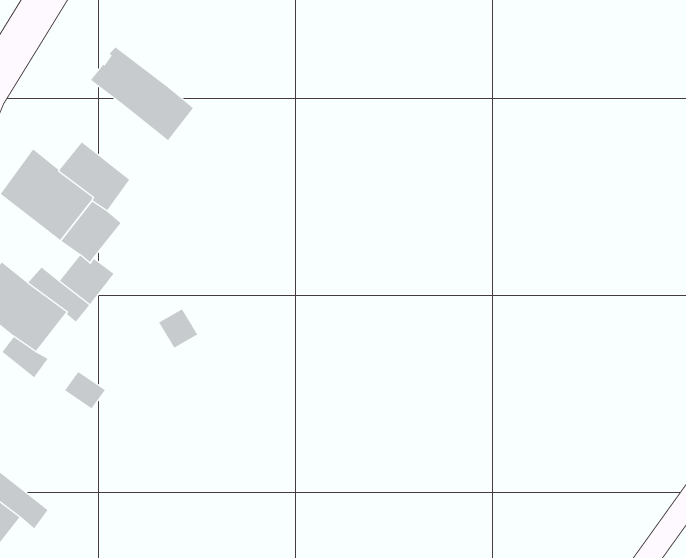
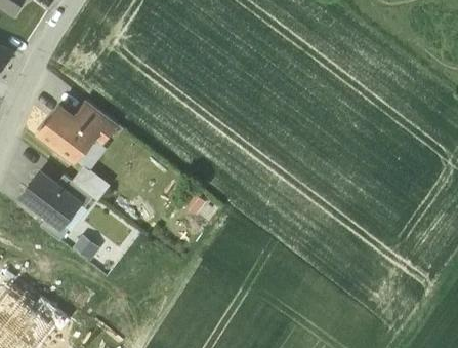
building: [90,47,194,141] -> none

